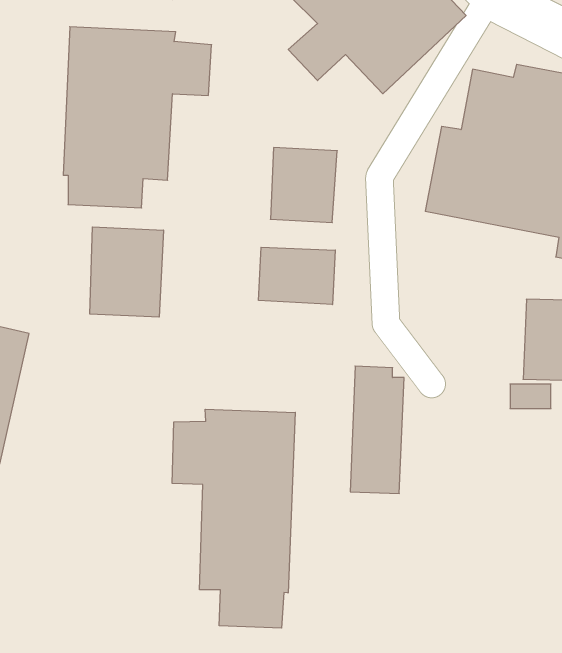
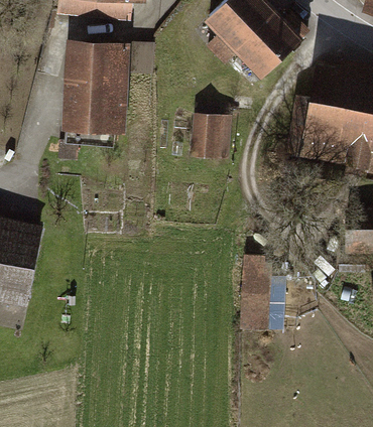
building: [90,227,163,317] -> none
building: [259,247,335,305] -> none
building: [172,409,295,628] -> none

